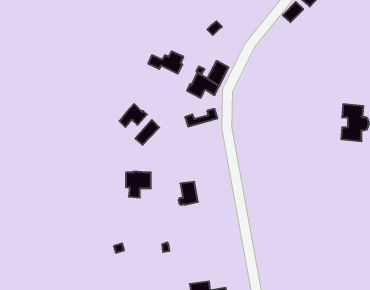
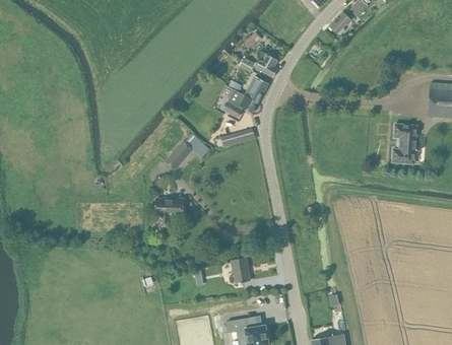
building: [148,51,183,74] -> [240,53,278,77]
building: [119,104,147,127] -> none
building: [179,182,198,205] -> [229,257,250,282]

